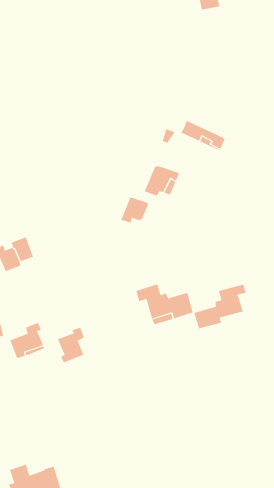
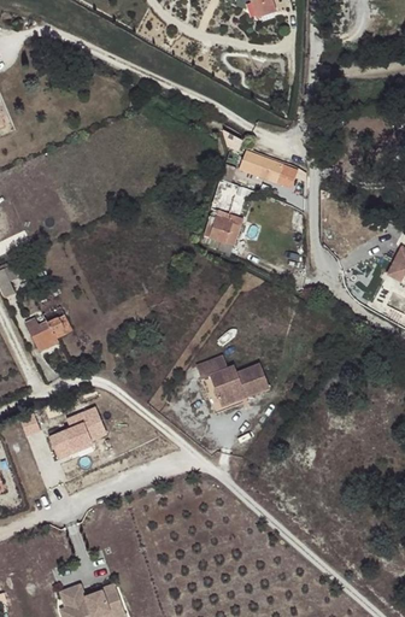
building: [121,196,148,224] -> none
building: [194,284,246,329] -> none
building: [57,327,85,363] -> none

